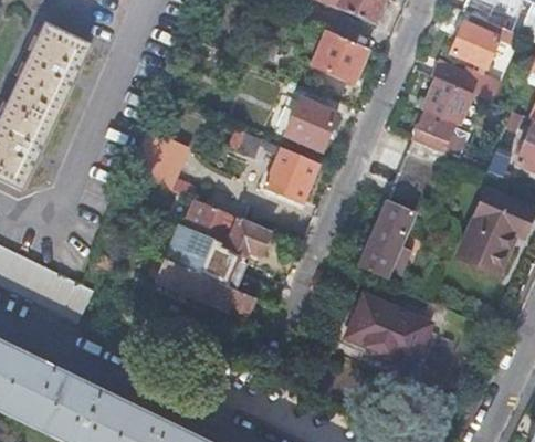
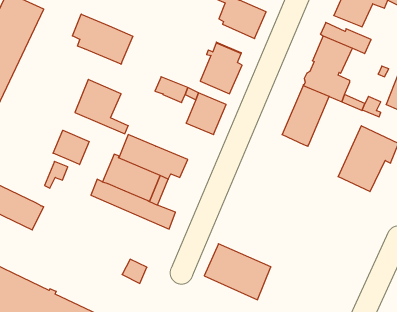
building: none -> [72,14,133,64]
building: none -> [53,130,89,165]
building: [361,201,413,276] -> none
building: [346,296,429,366] -> [204,244,271,300]

